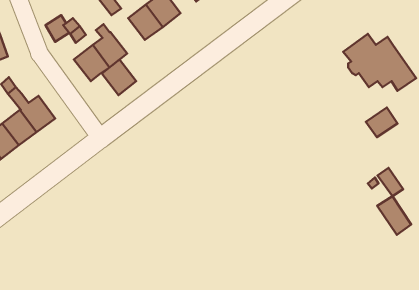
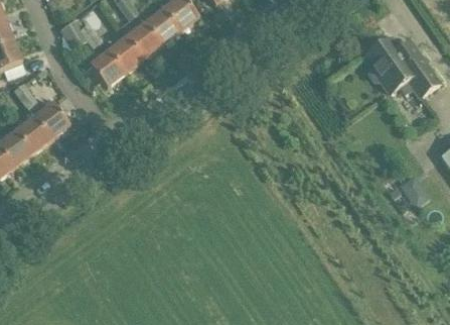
building: [102,60,136,95] -> [127,21,162,58]
building: [366,107,397,137] -> none
building: [377,196,411,235] -> none

